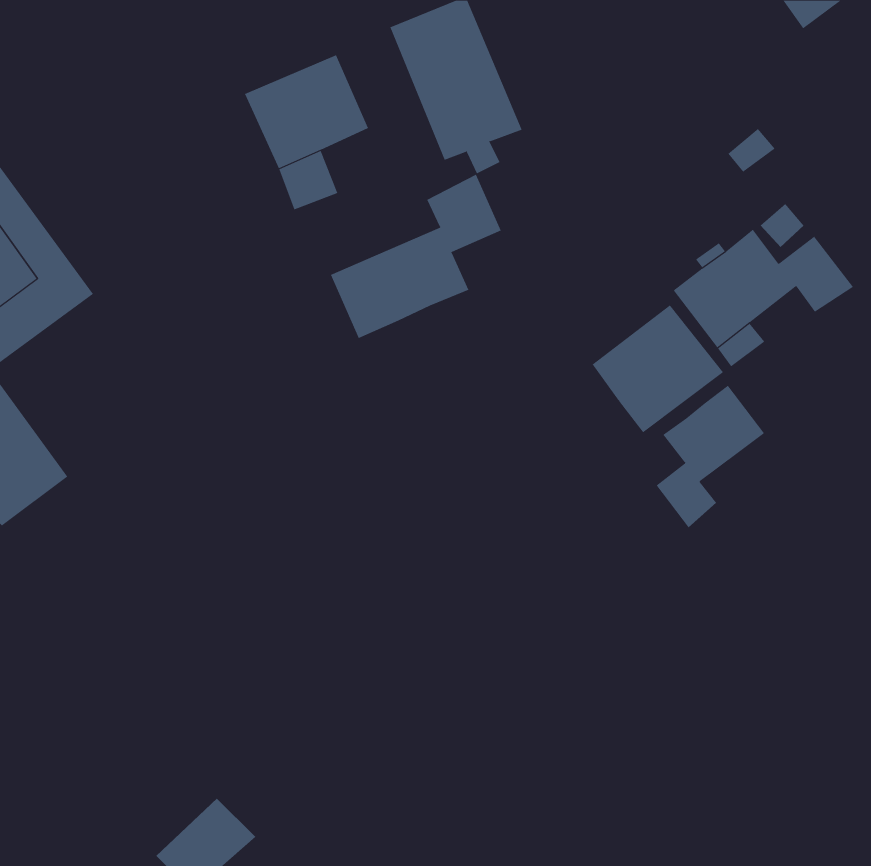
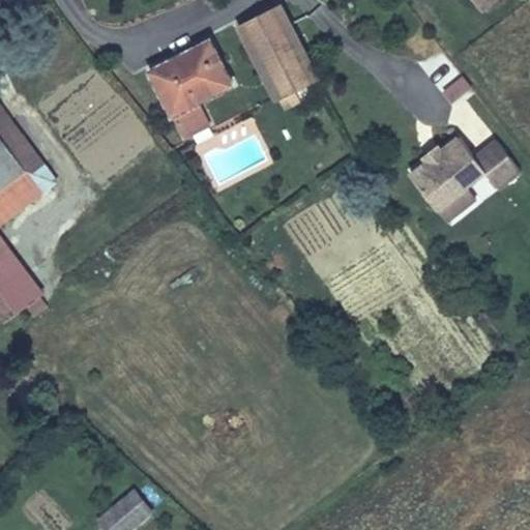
building: [330,174,501,339] -> none
building: [592,304,724,433] -> none
building: [656,385,765,528] -> none

